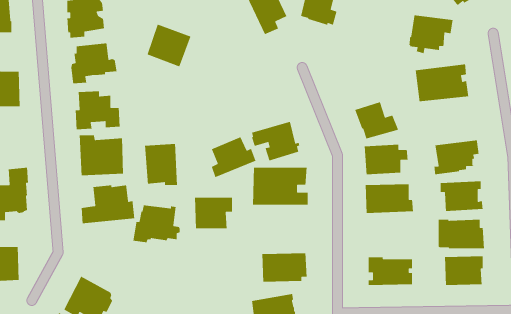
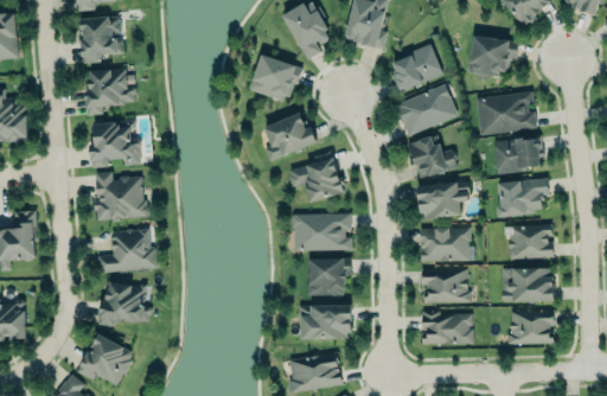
building: none -> [394,43,445,92]
building: [147,24,191,67] -> [249,53,300,103]
building: none -> [395,84,458,135]
building: none -> [493,136,544,174]
building: [211,136,257,178] -> [264,114,317,161]
building: [144,143,178,186] -> none
building: [194,197,233,229] -> [307,258,351,295]
building: [133,205,181,243] -> [97,282,152,326]
building: none -> [421,268,472,302]

